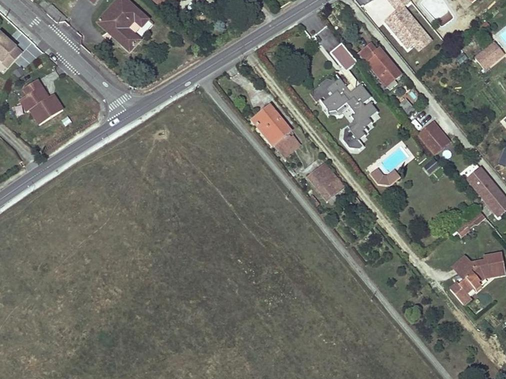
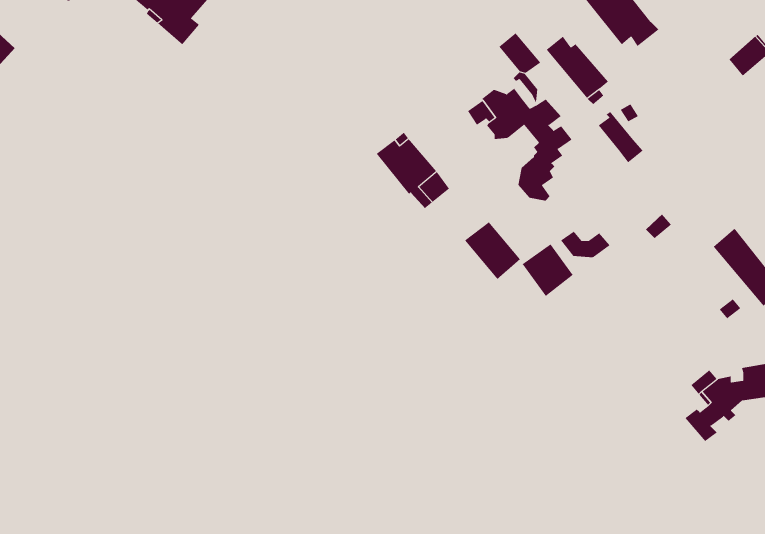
building: [20,79,63,123] -> none
building: [418,122,449,154] -> none
building: none -> [522,244,574,297]

